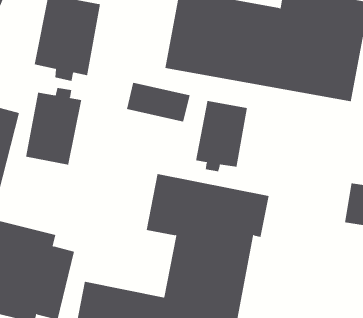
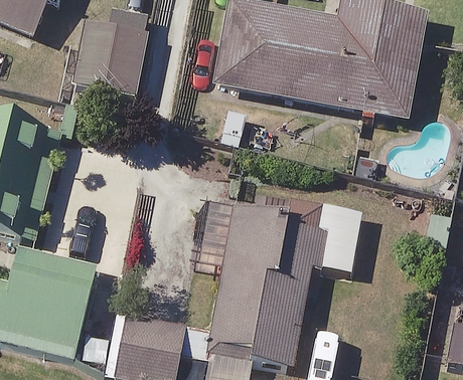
building: [25,87,82,166] -> none
building: [196,100,247,172] -> none

